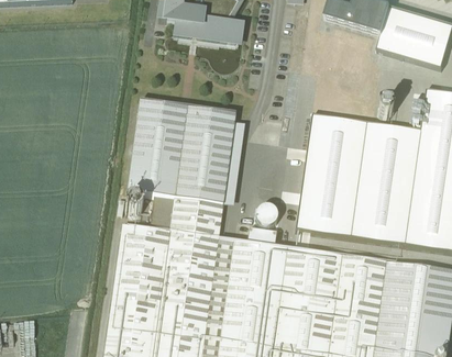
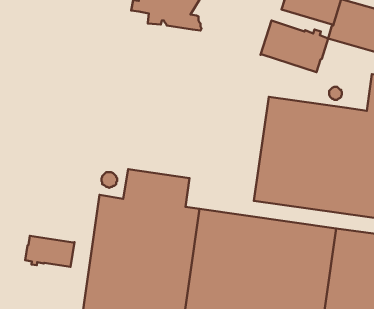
building: none -> [261,21,328,72]
building: [128,98,236,203] -> none
building: none -> [25,236,74,267]

